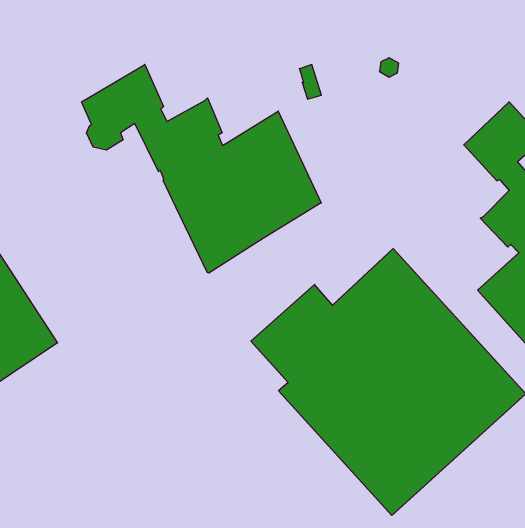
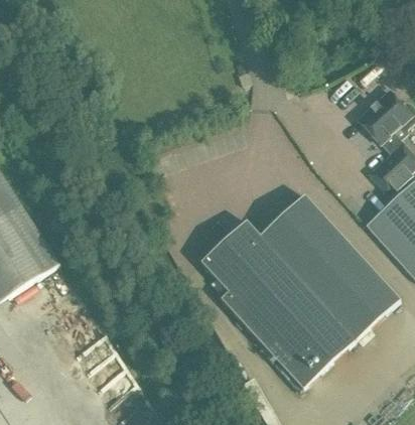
building: [82,64,321,273] -> none

